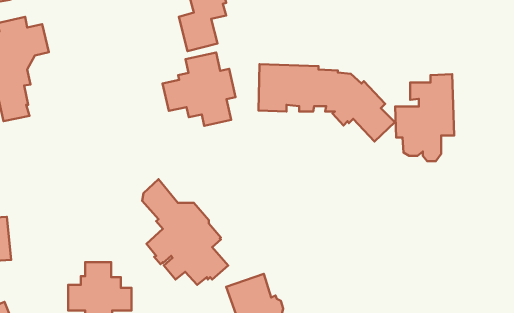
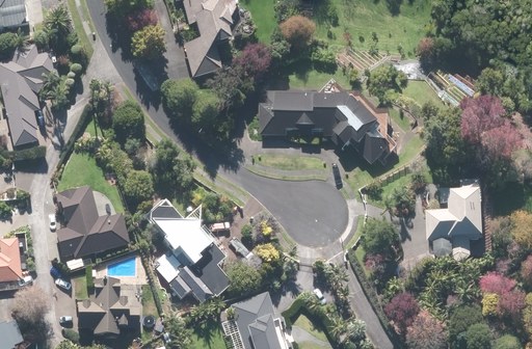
building: [163,52,236,126] -> none
building: [395,74,454,161] -> [427,178,484,262]
building: none -> [55,184,130,268]

